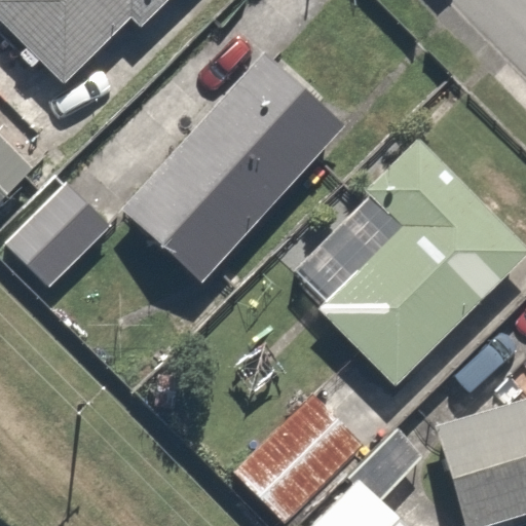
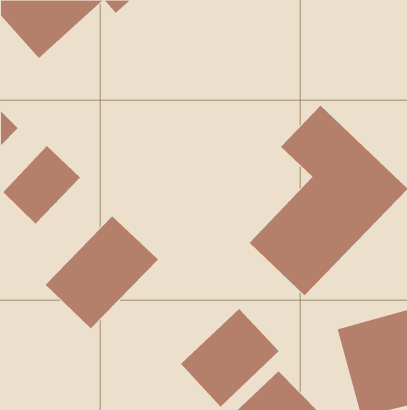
building: [124,58,339,278] -> none
building: none -> [45,215,159,329]

